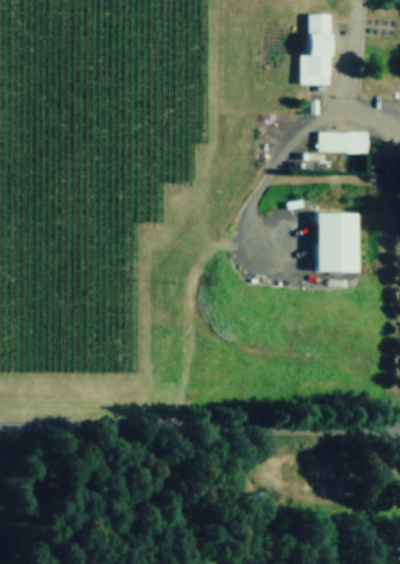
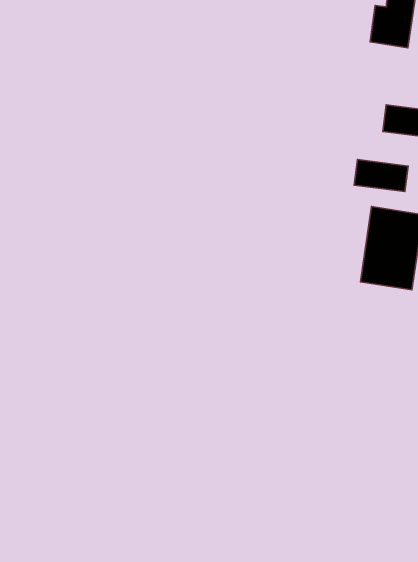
building: none -> [354,159,408,192]

